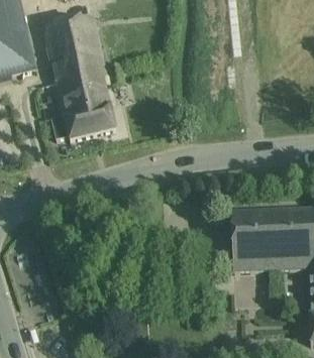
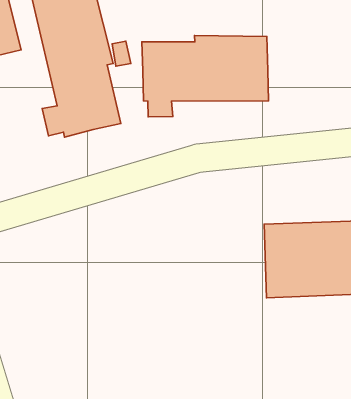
building: none -> [142,35,268,117]

